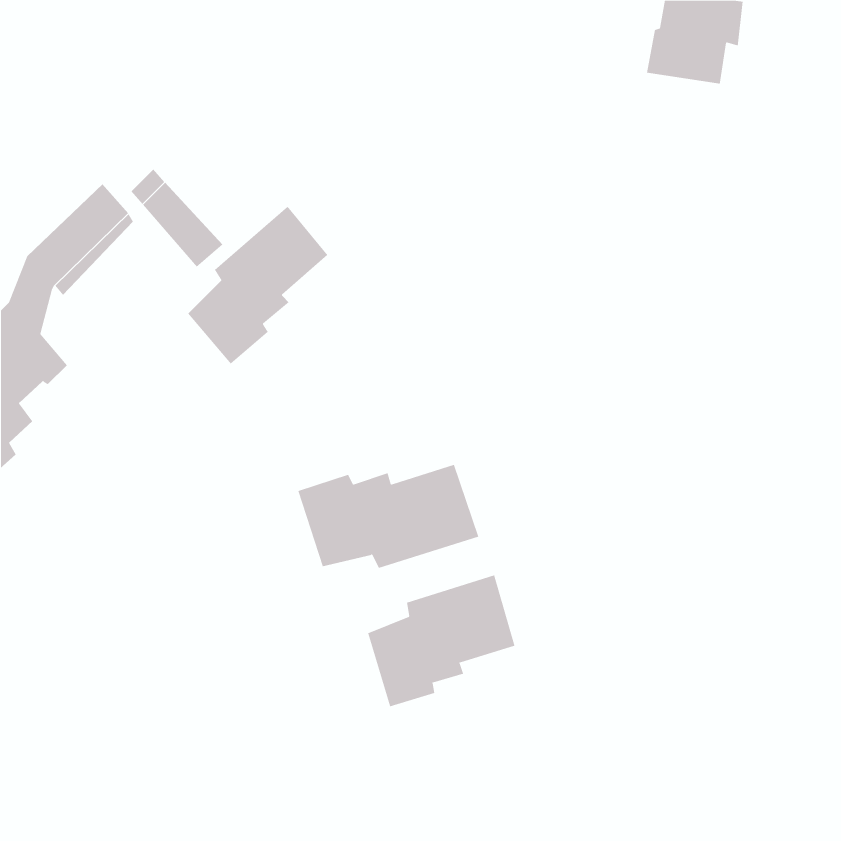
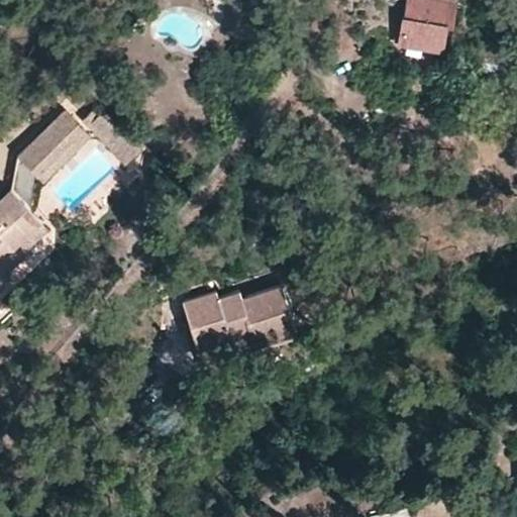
building: [188,206,328,364] -> none
building: [368,575,515,707] -> none

